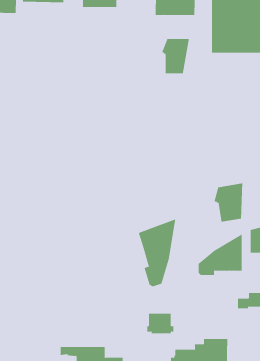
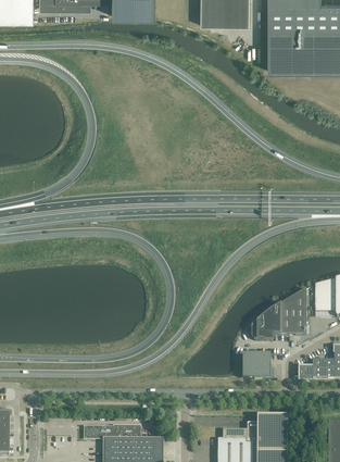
building: [162,38,189,74] -> none
building: [214,183,243,222] -> none
building: [138,219,176,287] -> none
building: [146,313,174,334] -> [240,354,274,379]

